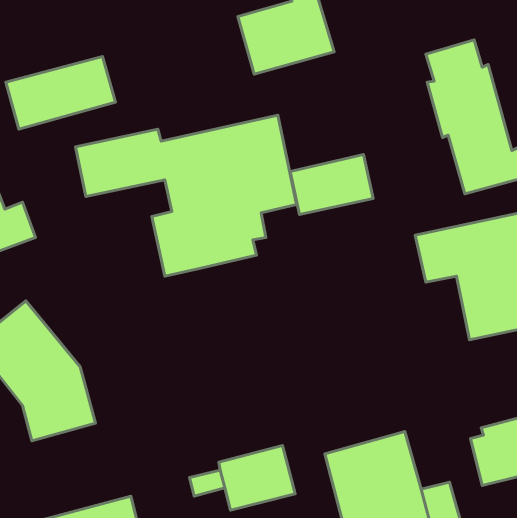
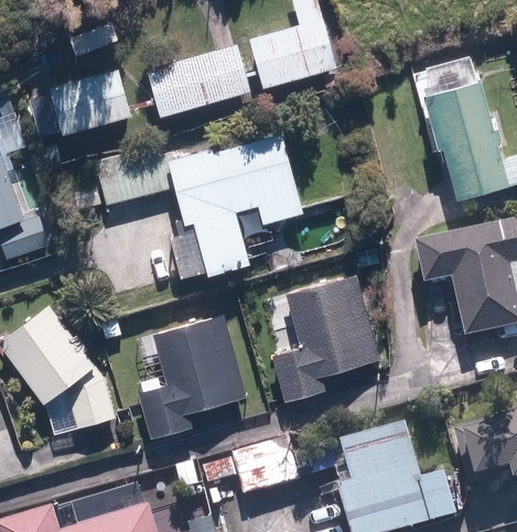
building: none -> [148,46,249,115]
building: [290,155,373,214] -> none
building: none -> [270,276,378,402]
building: none -> [134,315,246,435]

